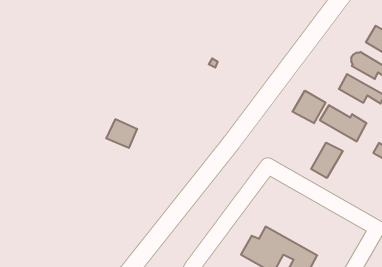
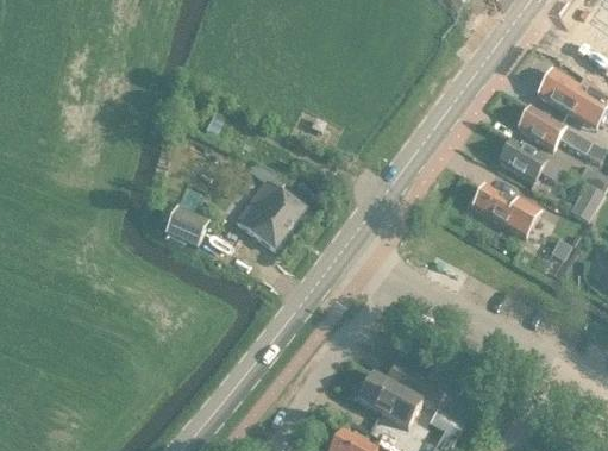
building: [292,91,326,123] -> none
building: none -> [233,176,306,249]
building: [311,143,343,178] -> none

